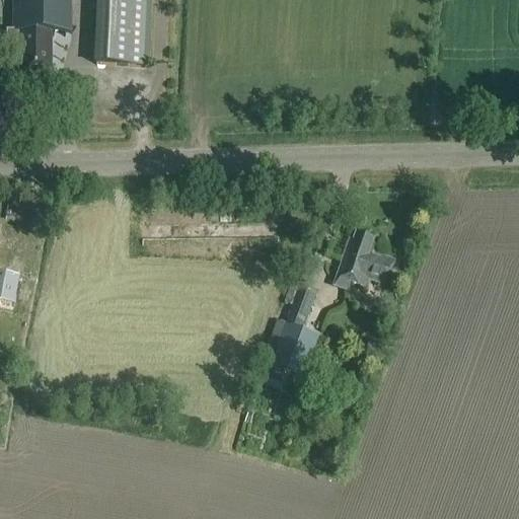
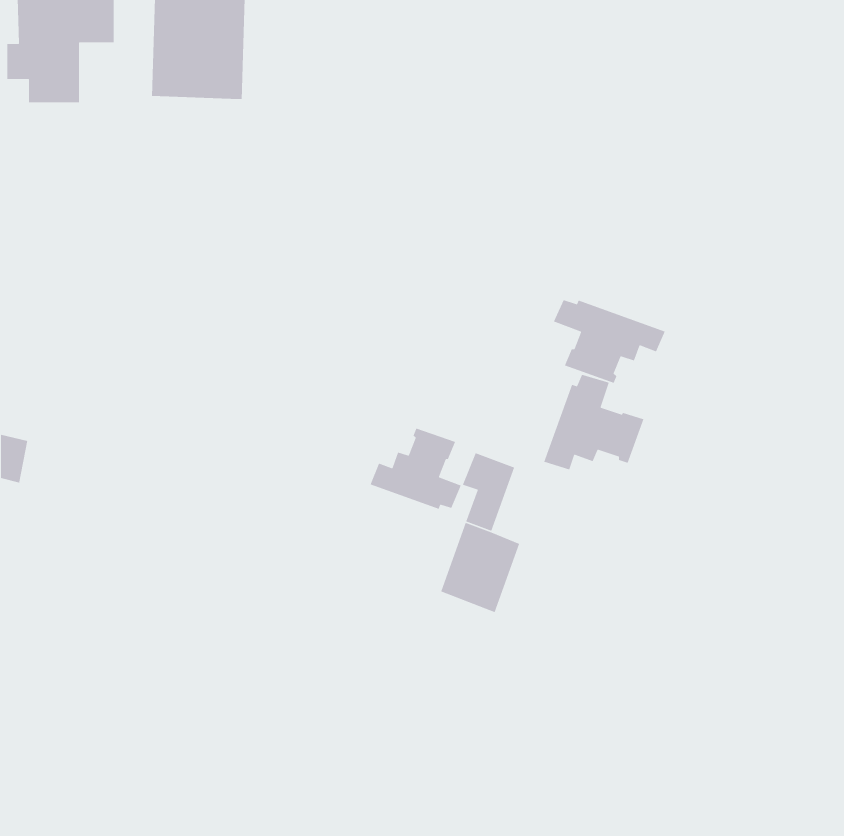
building: none -> [553,299,666,384]
building: none -> [369,427,462,510]

